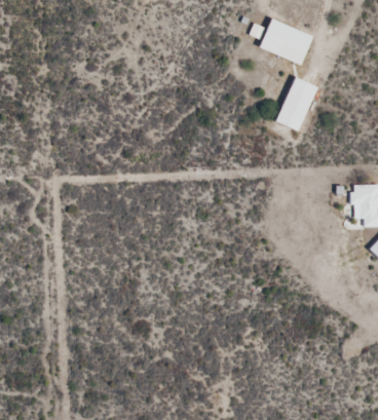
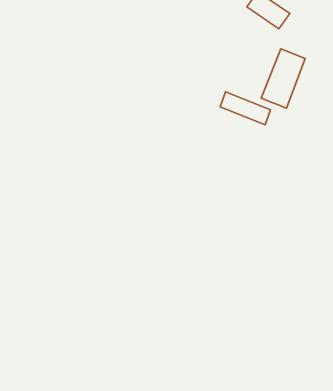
building: none -> [220,92,271,125]

